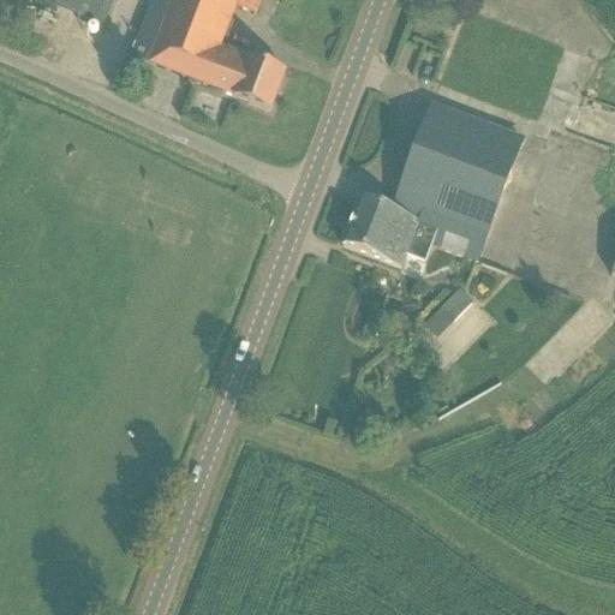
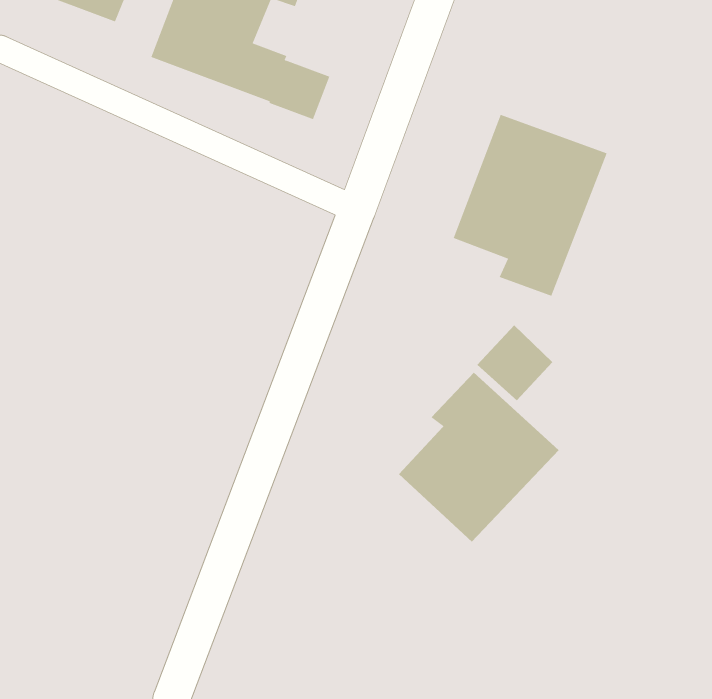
building: [341,193,437,262] -> none
building: none -> [398,372,560,543]

